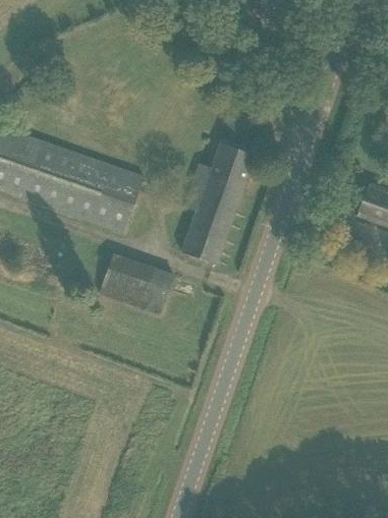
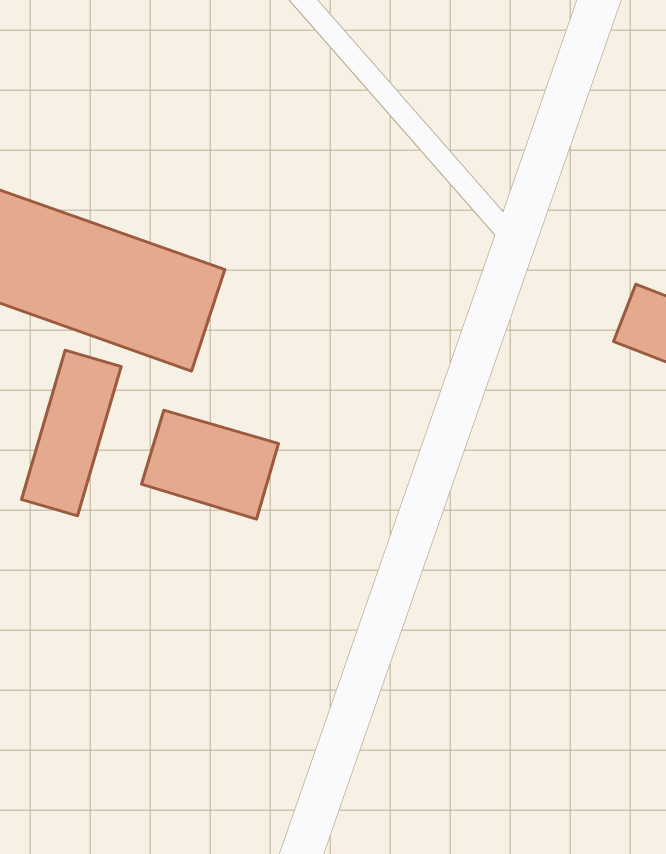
building: [181,145,257,266] -> none
building: none -> [22,350,121,516]

